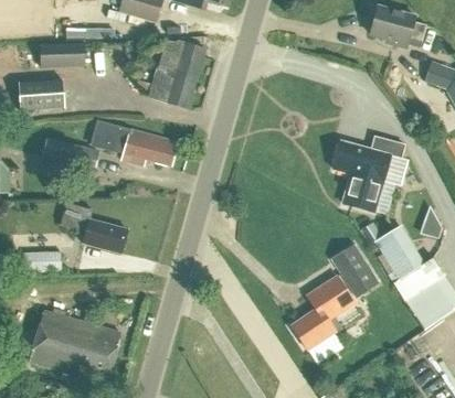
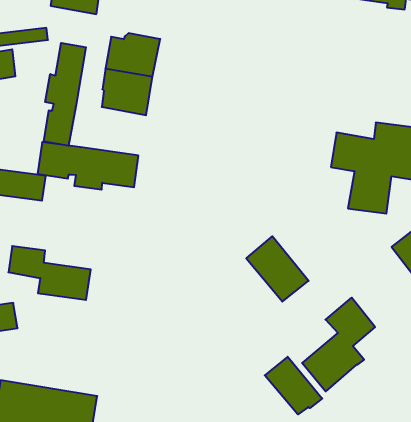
building: none -> [44,43,86,146]
building: [330,240,379,294] -> [246,236,309,302]
building: none -> [265,357,322,414]

